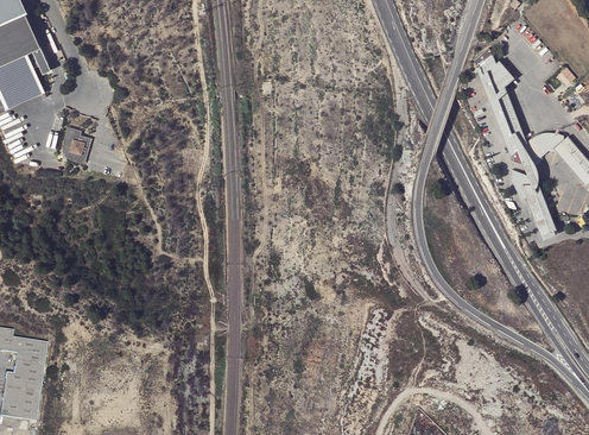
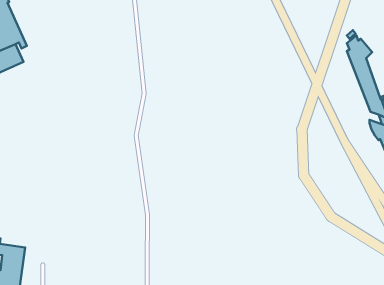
building: [61,128,90,165] -> none

